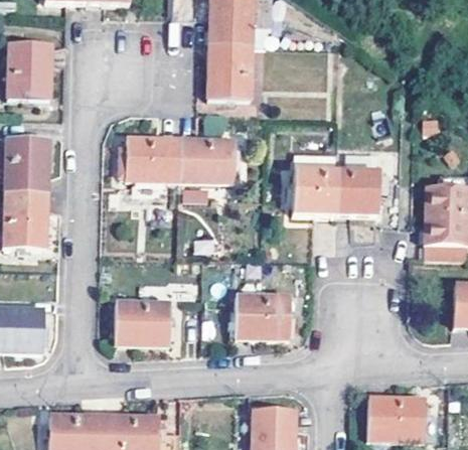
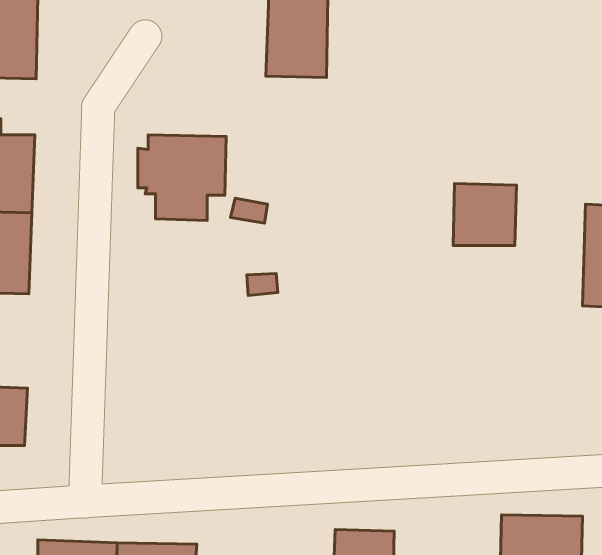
building: [179,138,233,180] -> none
building: [293,150,336,212] -> none
building: [235,294,292,336] -> none
building: [115,300,170,343] -> none

